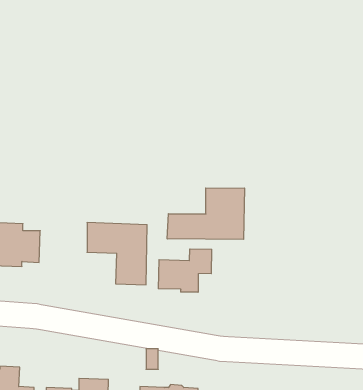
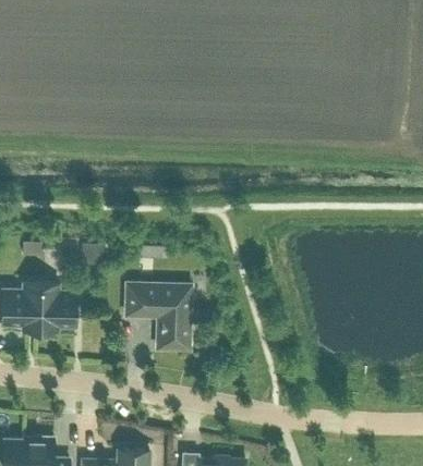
building: [167,188,244,239] -> none
building: [158,249,212,292] -> none

